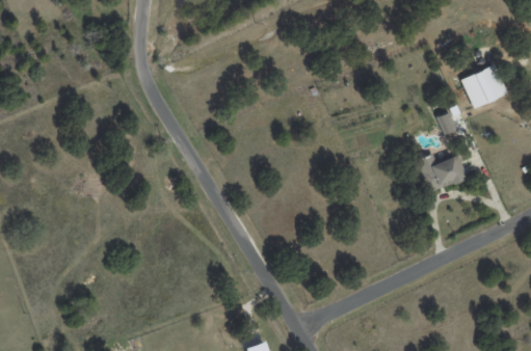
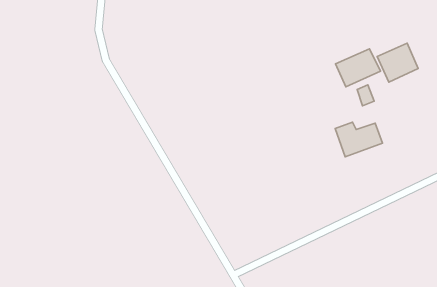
building: none -> [336,49,380,87]

